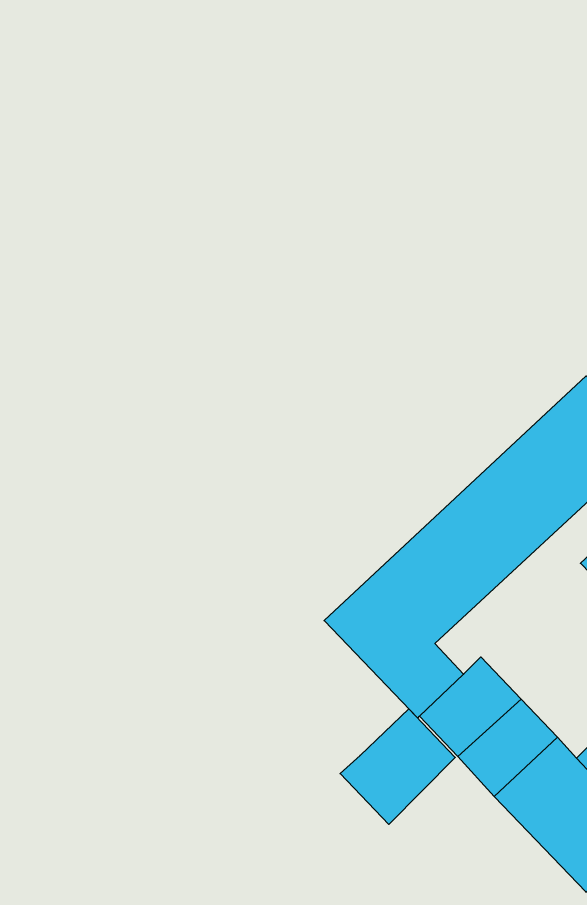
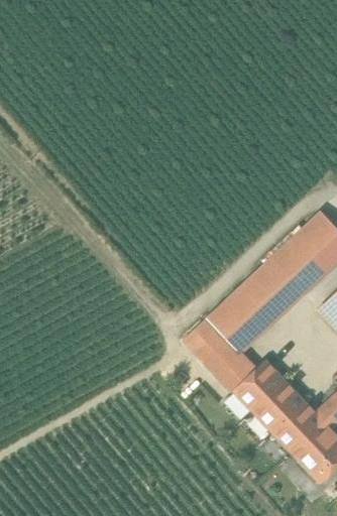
building: [340,709,455,824] -> none

